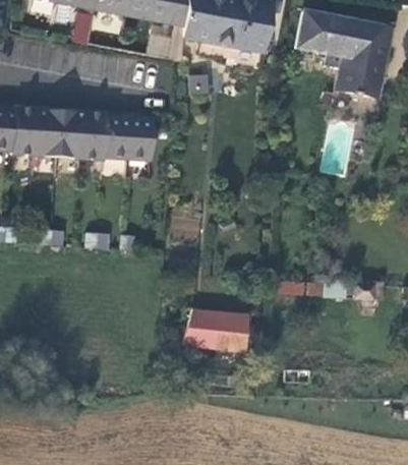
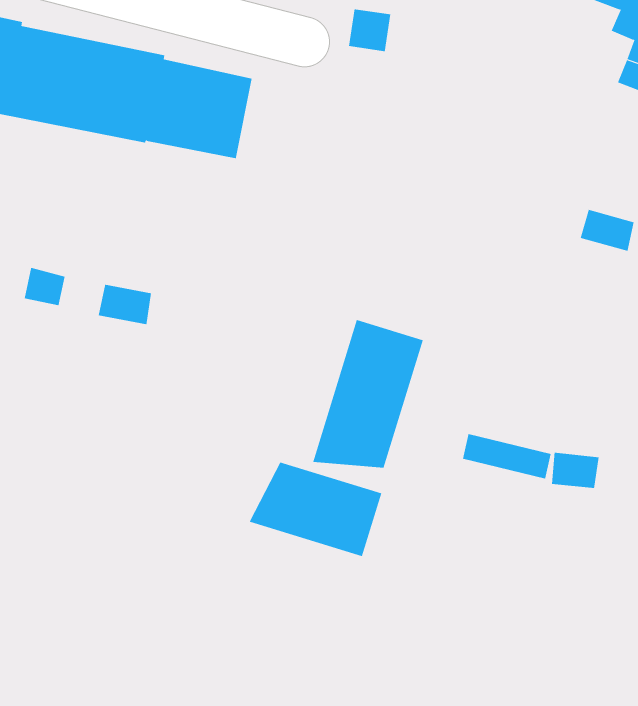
building: none -> [312,319,423,469]

